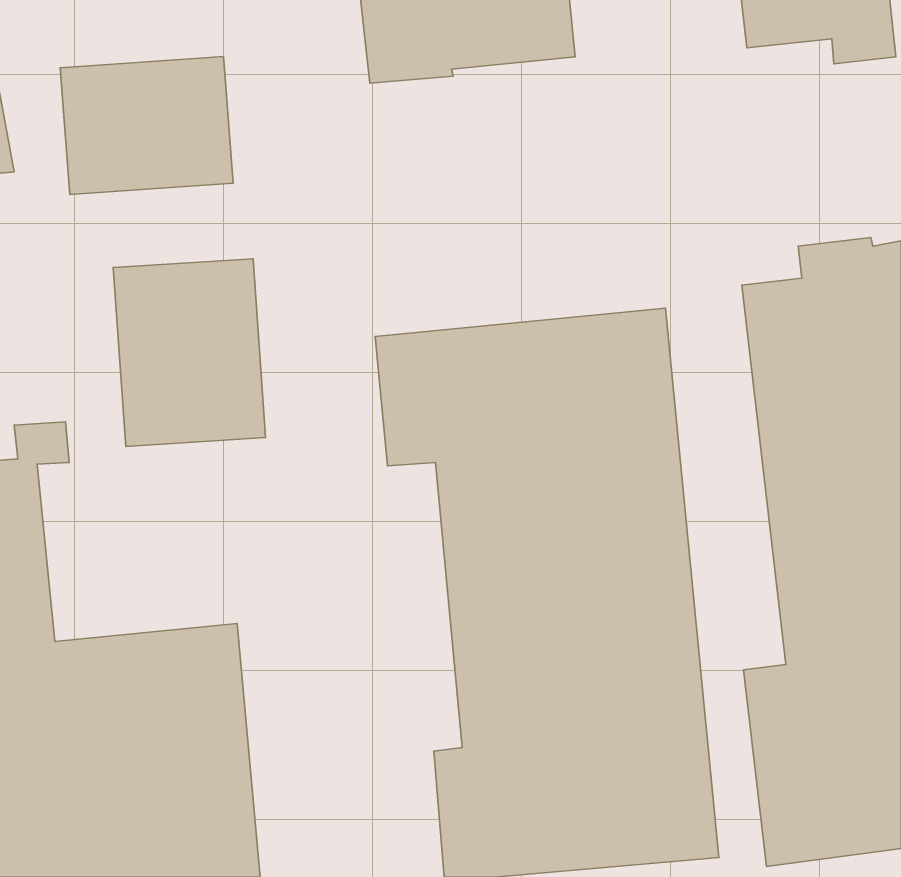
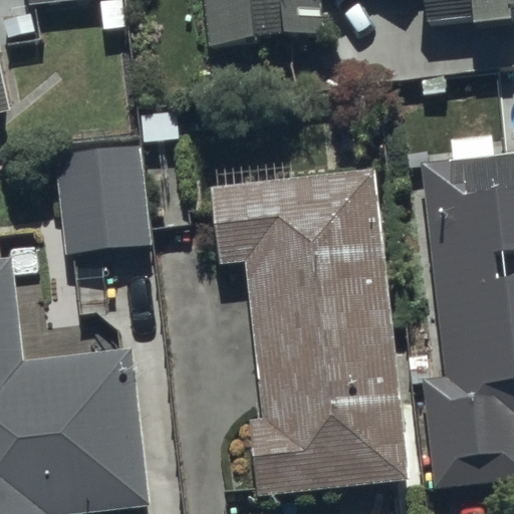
building: [60,56,233,195] -> none

